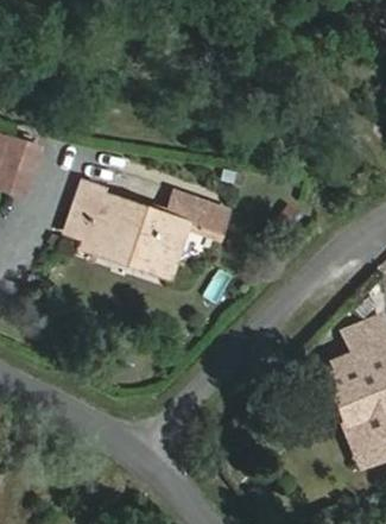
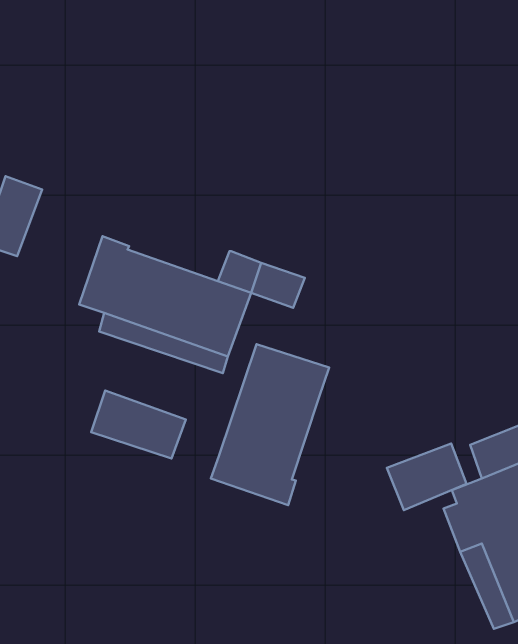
building: none -> [211,344,329,505]
building: none -> [91,390,186,458]
building: none -> [387,444,466,510]

